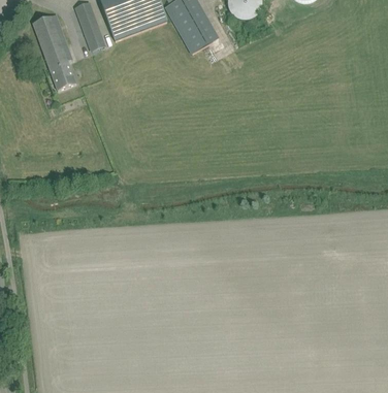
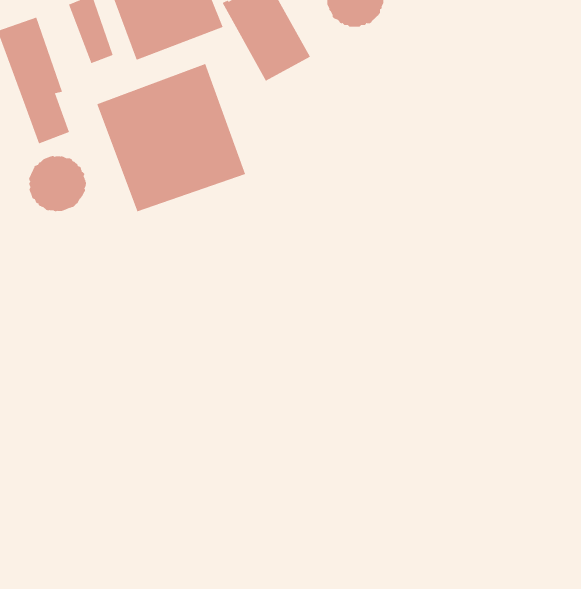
building: none -> [96,63,246,212]
building: none -> [28,155,87,212]

